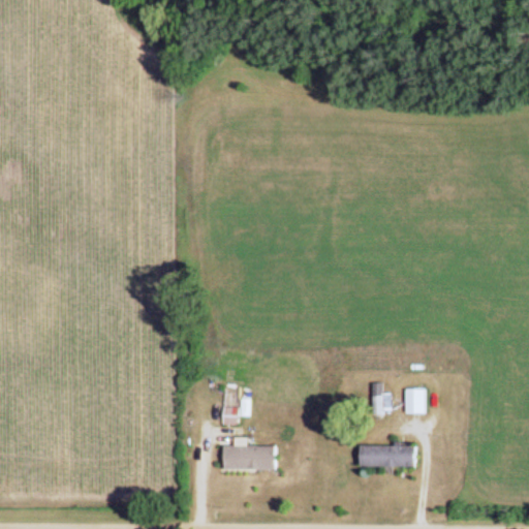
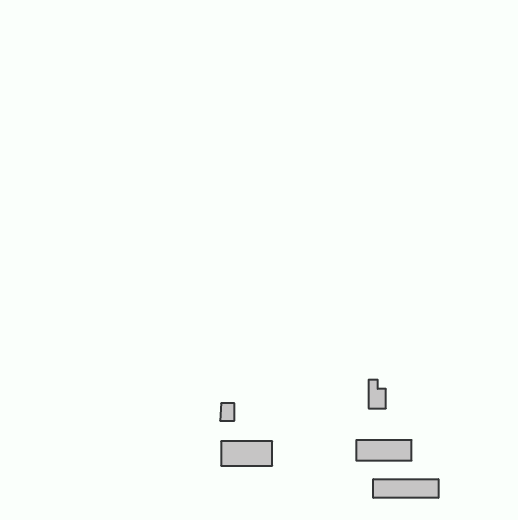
building: [405,388,425,413] -> none
building: none -> [373,479,438,498]

